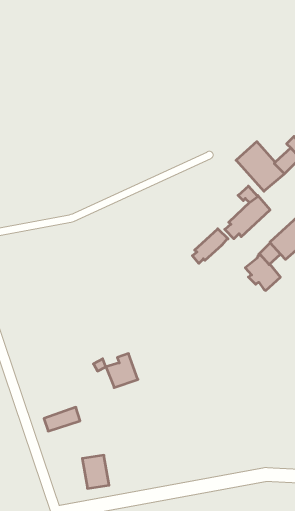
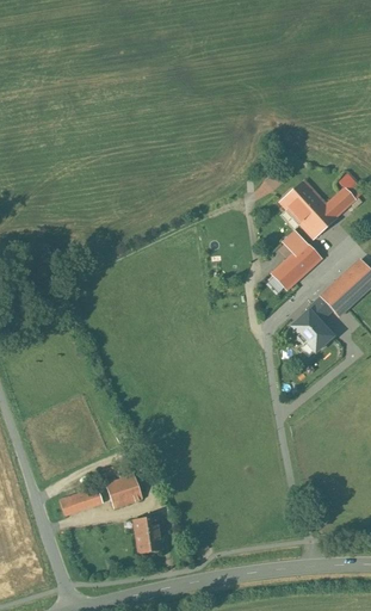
building: [192,229,228,263] -> none
building: [106,354,138,388] -> [104,468,141,507]
building: [82,455,109,488] -> [131,516,162,554]

